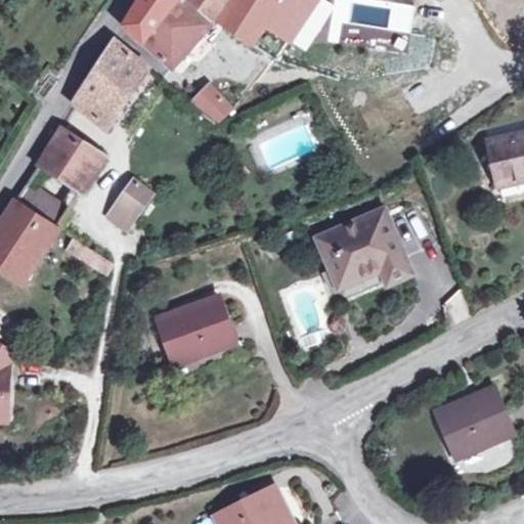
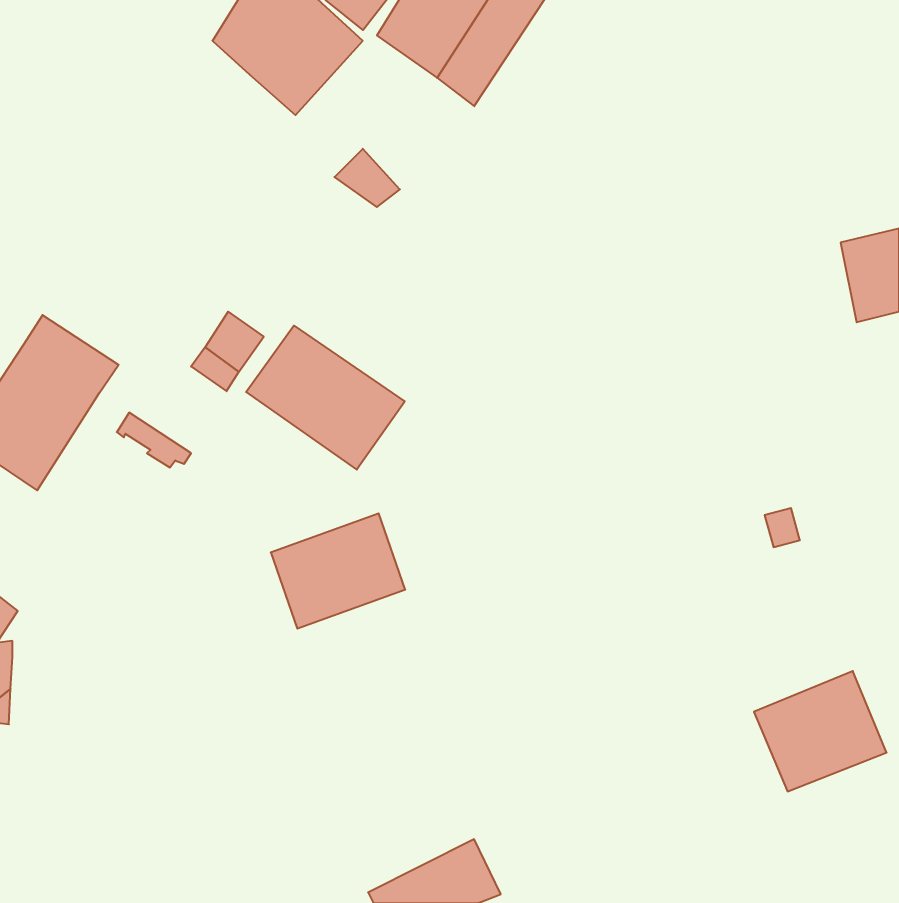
building: [73,39,147,126] -> none
building: [36,128,104,191] -> none
building: none -> [246,326,405,470]
building: [318,212,409,286] -> none

